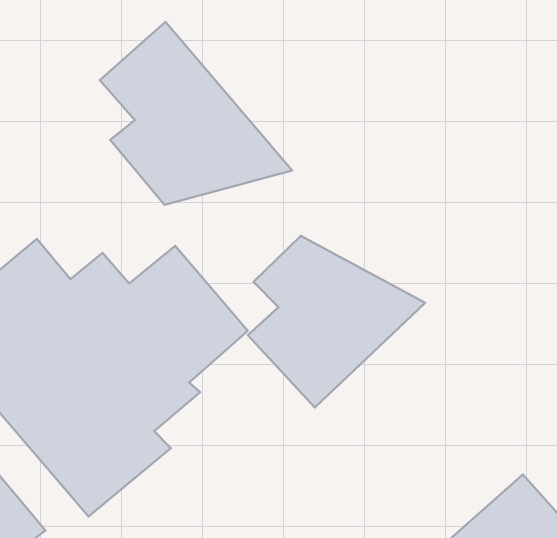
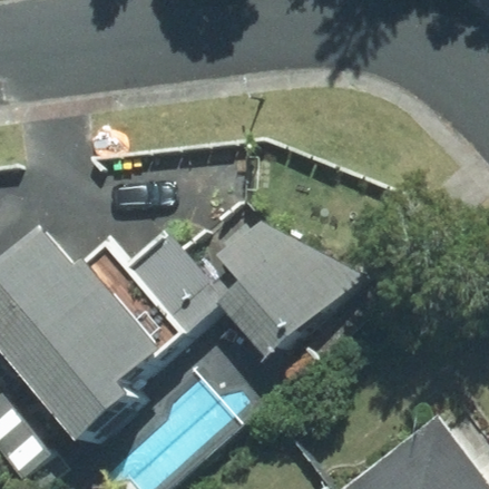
building: [100,22,292,205] -> none

